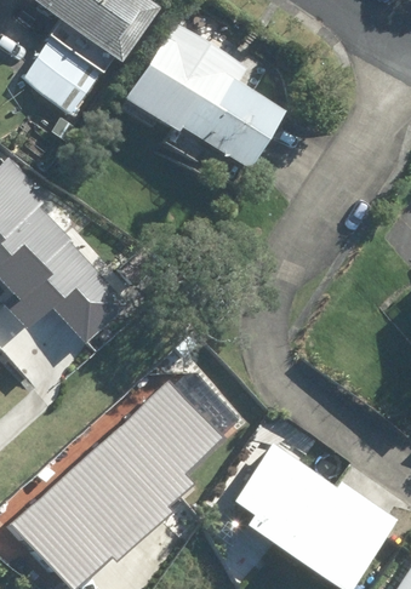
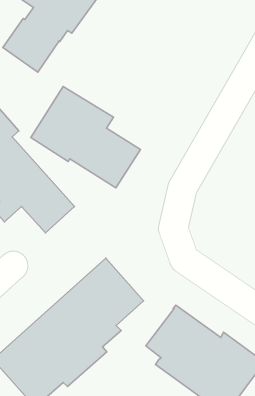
building: [130,23,286,167] -> [31,87,141,188]

